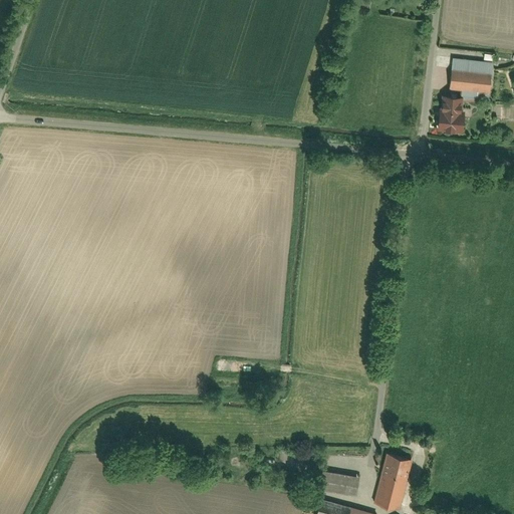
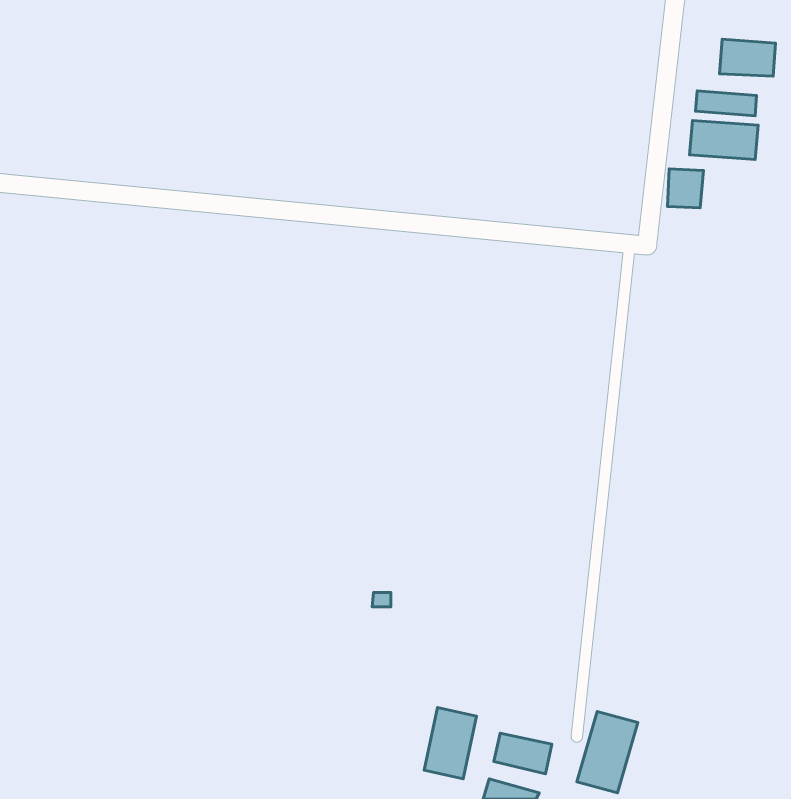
building: none -> [719,39,775,76]
building: none -> [424,707,476,779]

